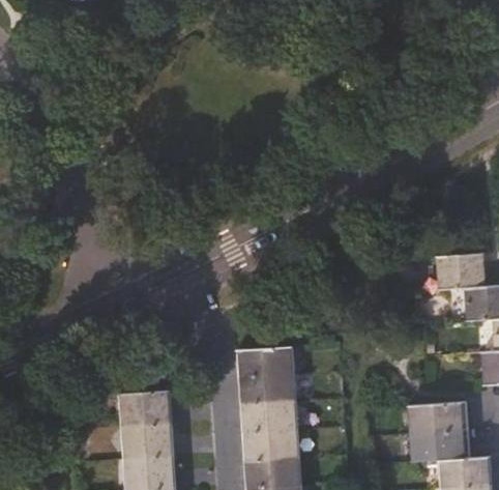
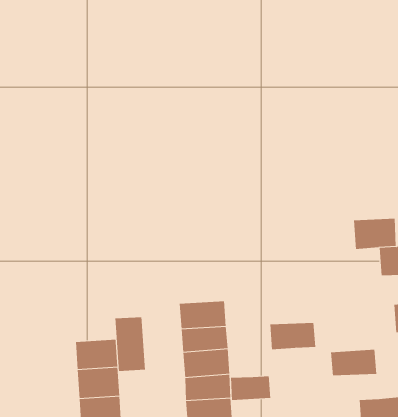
building: none -> [115,316,145,372]
building: [411,430,464,461] -> [269,322,316,350]
building: none -> [230,376,271,401]

